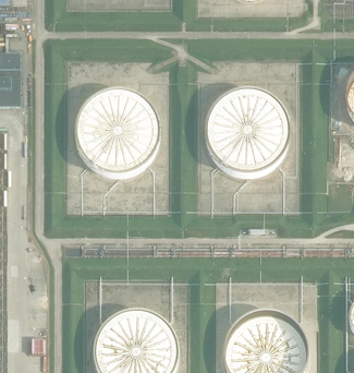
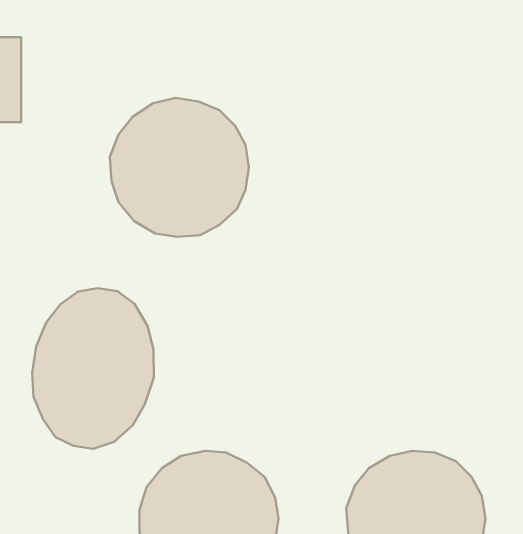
building: [204,87,290,175] -> none
building: none -> [32,288,154,449]

